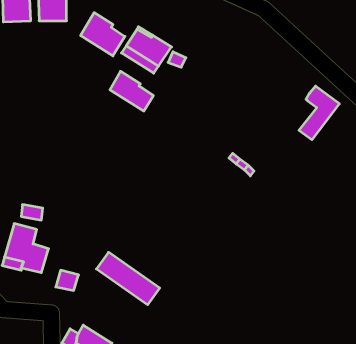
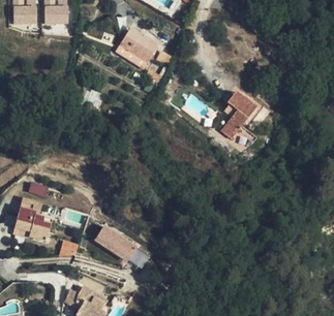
building: [81,13,125,56] -> none
building: [110,71,153,111] -> none
building: [299,86,339,140] -> [221,92,256,138]

